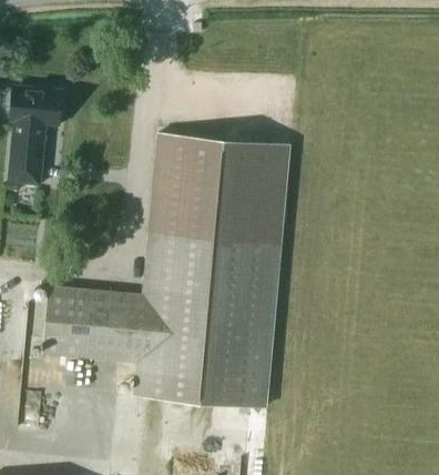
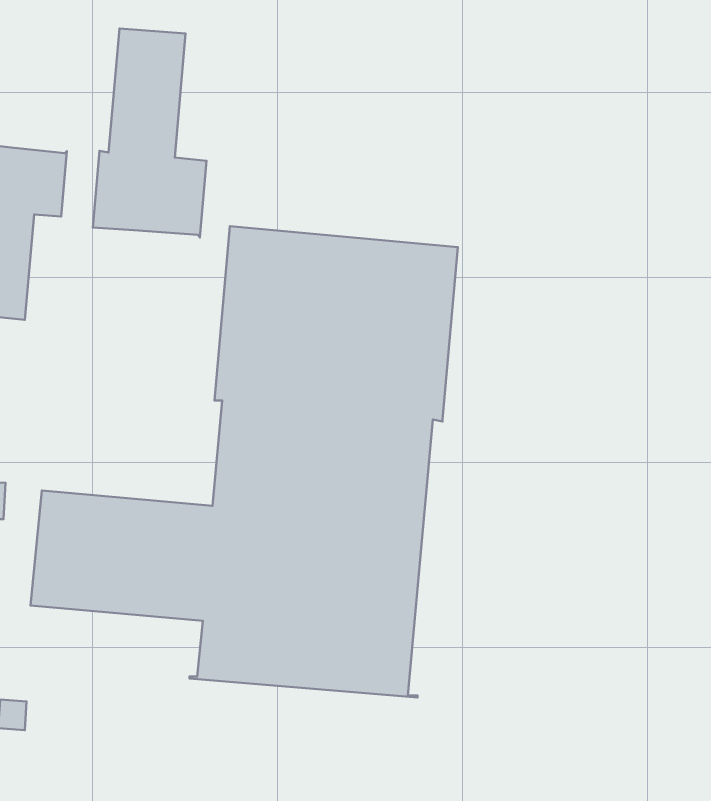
building: none -> [93,29,207,237]

